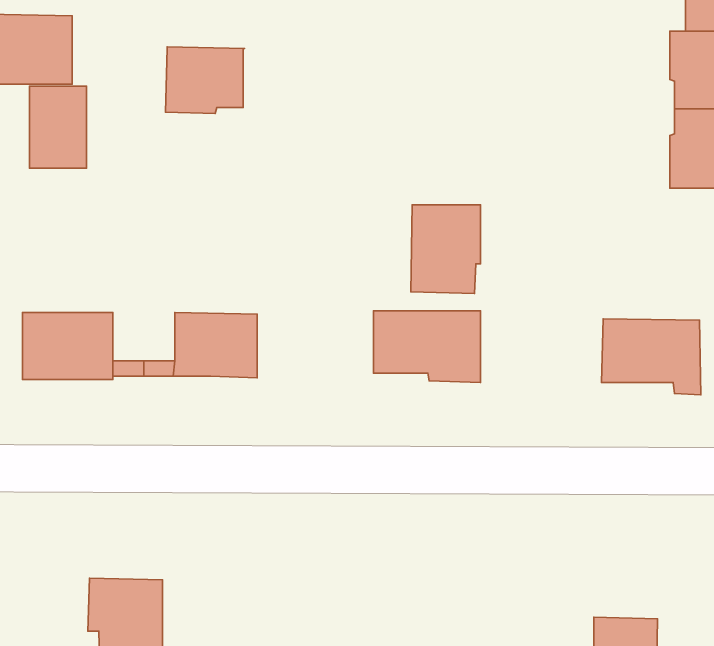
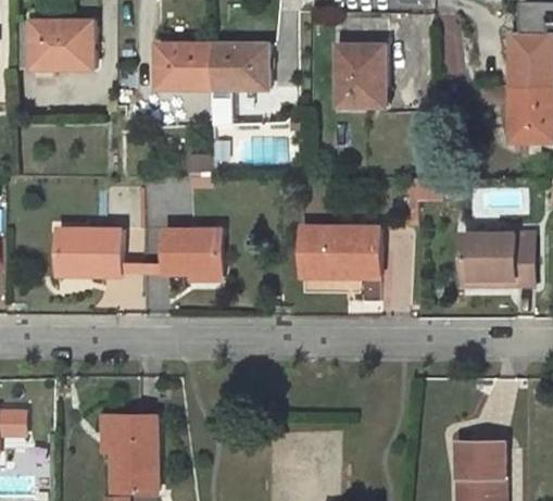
building: none -> [212,45,267,90]
building: [30,86,86,168] -> none
building: [411,205,481,293] -> [337,46,386,108]

